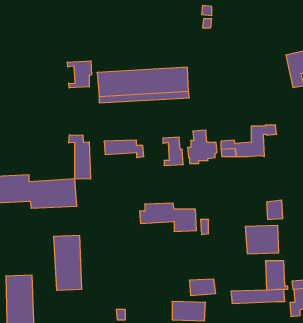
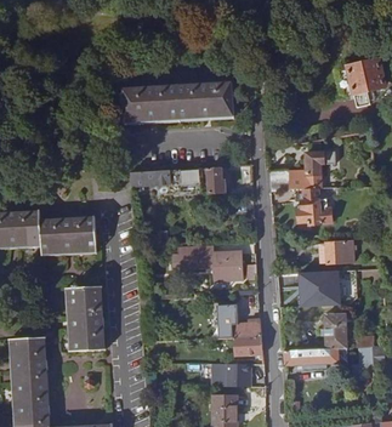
building: [67,61,91,88] -> none
building: [188,130,217,164] -> [295,188,330,228]
building: [69,135,90,179] -> none
building: none -> [210,304,261,338]

